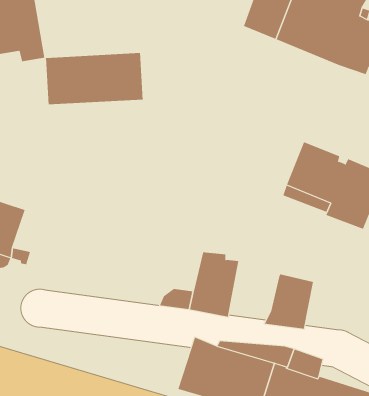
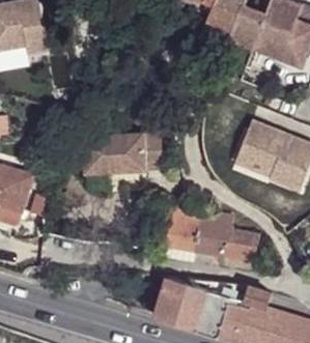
building: [45,53,143,105] -> [83,135,161,176]
building: none -> [193,213,235,264]

